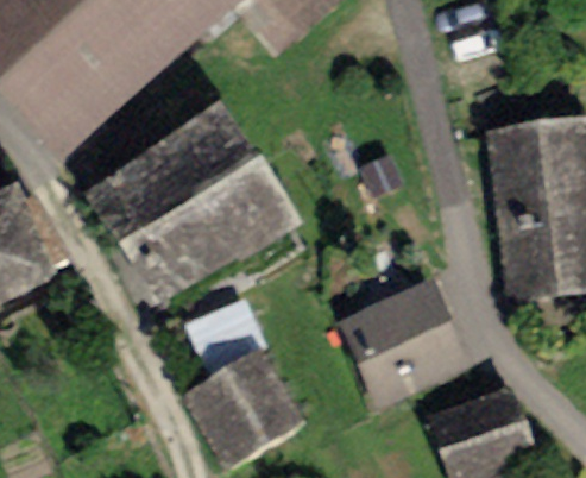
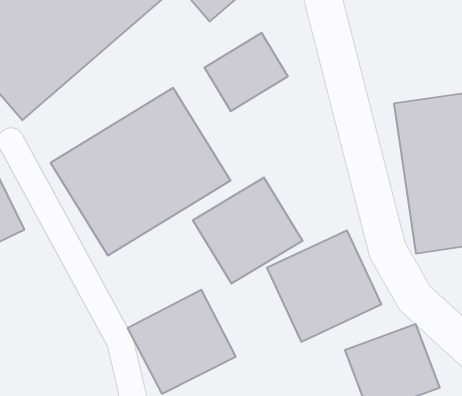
building: none -> [205,33,288,111]
building: none -> [193,177,303,284]

